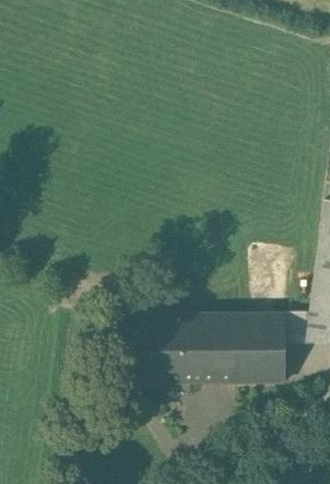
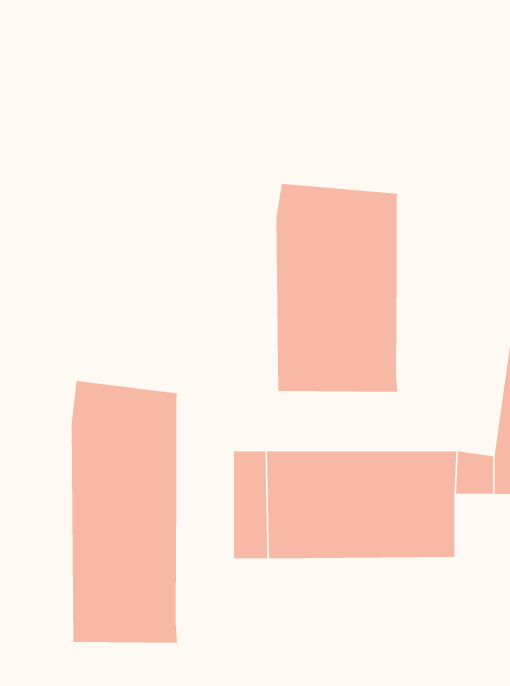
building: none -> [275,183,398,392]
building: none -> [71,380,178,643]

